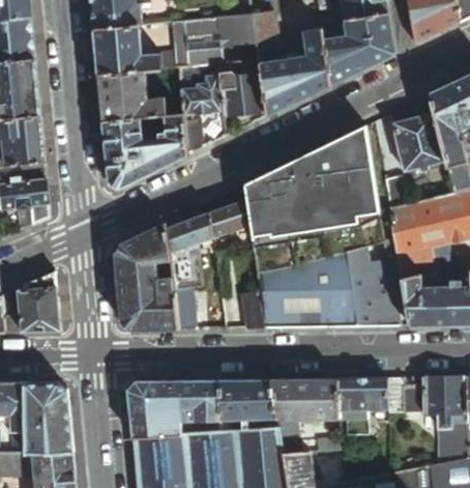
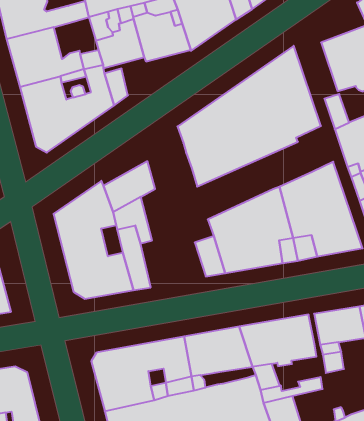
building: [210,201,251,239] -> none

